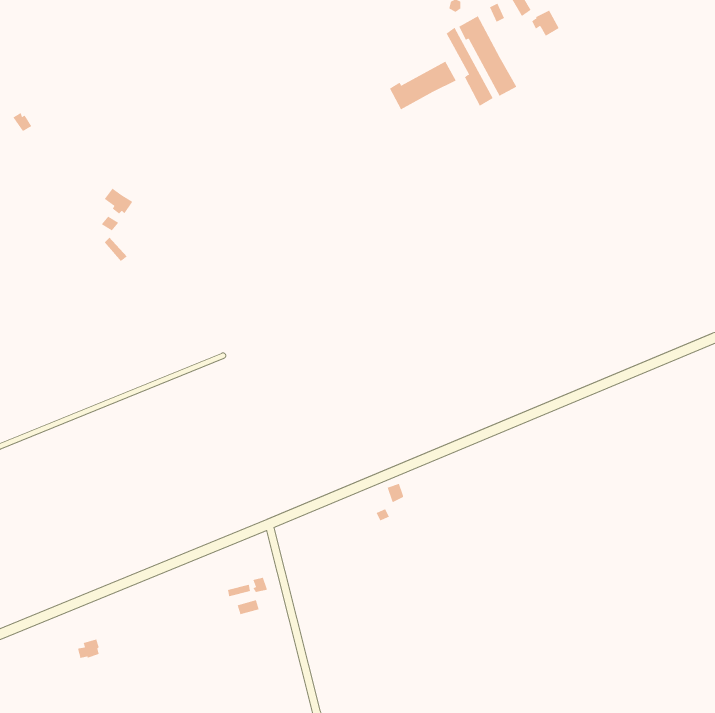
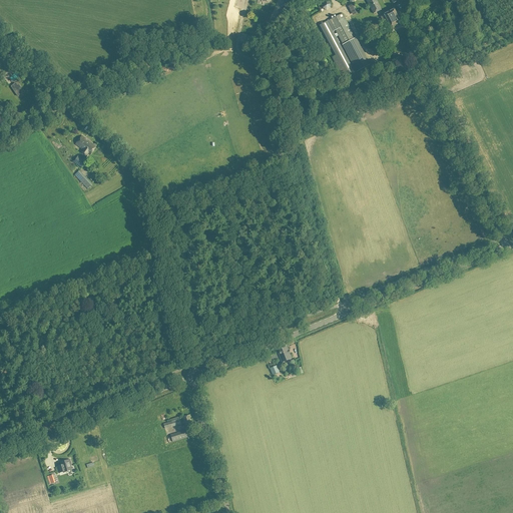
building: [389,61,456,110] -> none

